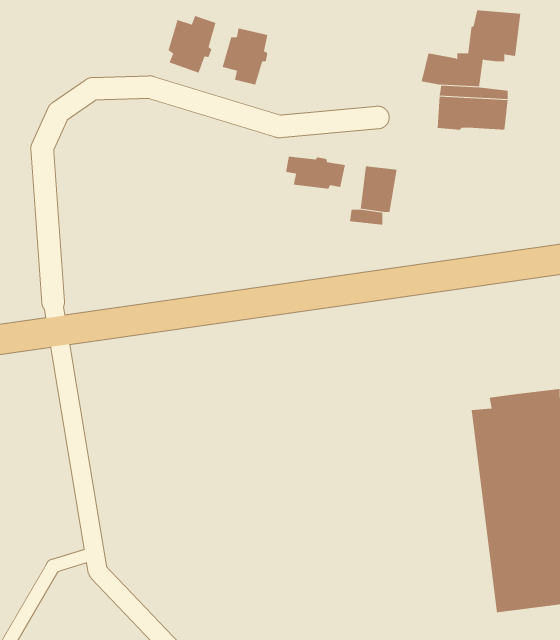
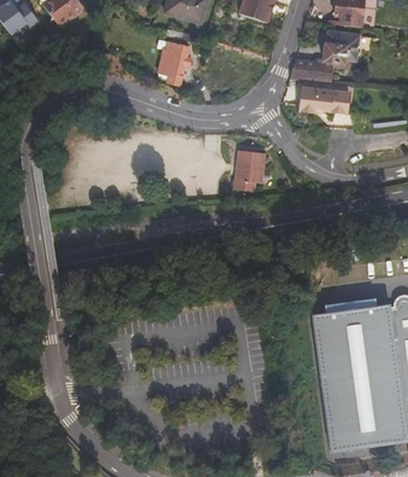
building: [168,15,216,73] -> none
building: [285,156,345,190] -> none

